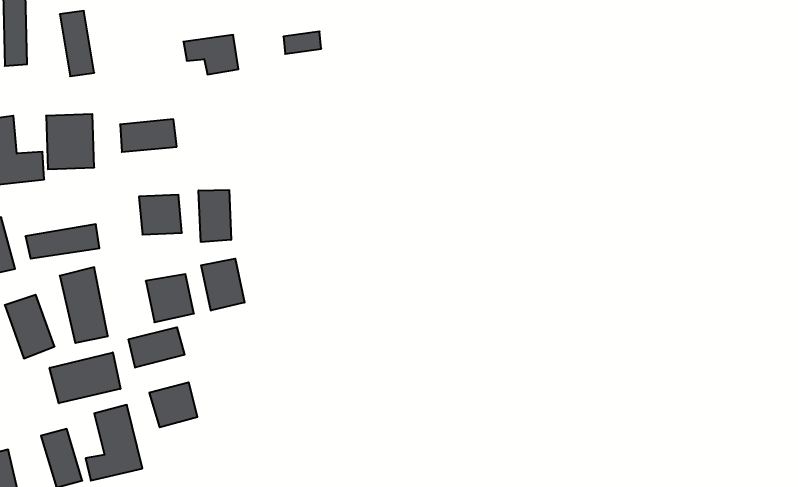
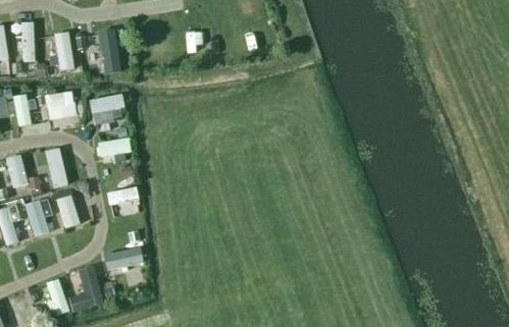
building: [183,35,238,74] -> [84,34,116,57]
building: [199,190,231,242] -> none
building: [201,259,245,311] -> none
building: [129,327,185,368] -> none
building: [50,352,120,403] -> none

